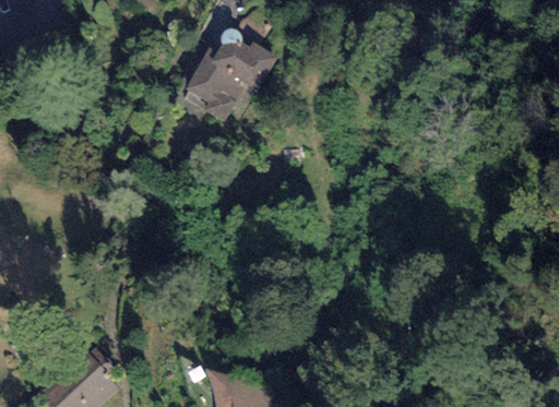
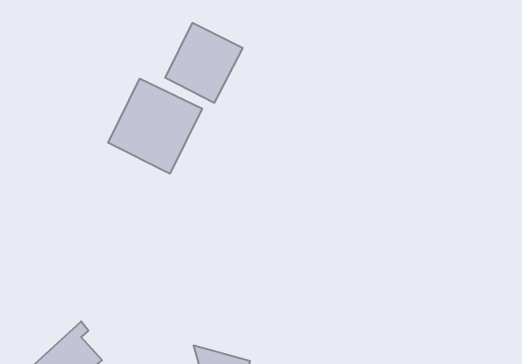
building: none -> [108,79,202,174]

